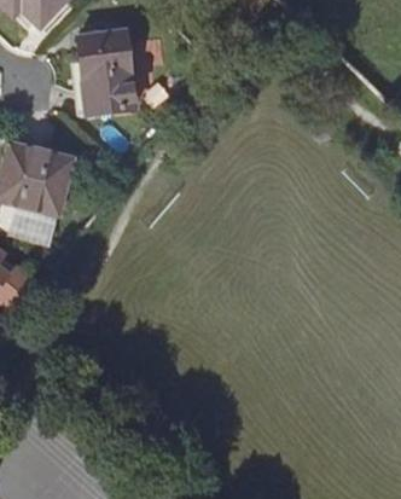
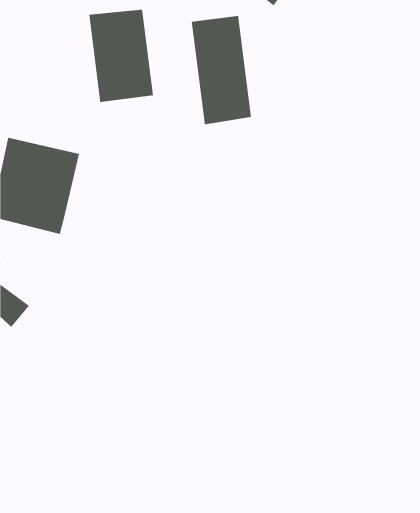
building: none -> [191,15,252,125]

